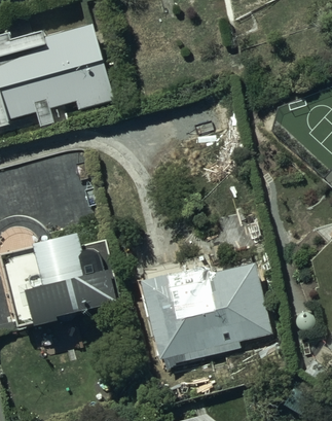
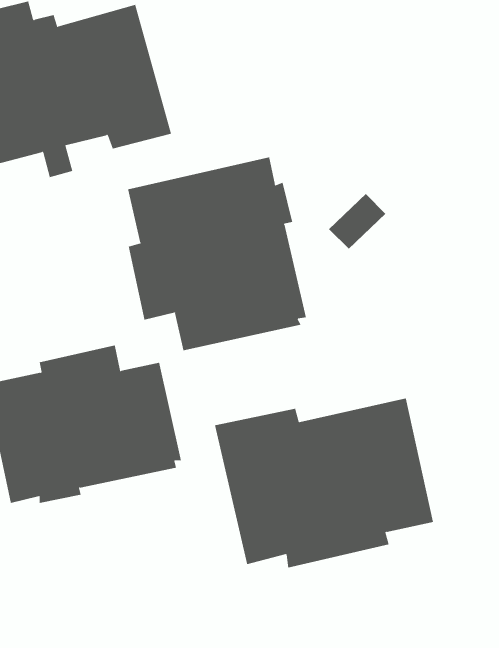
building: none -> [127,157,307,351]

